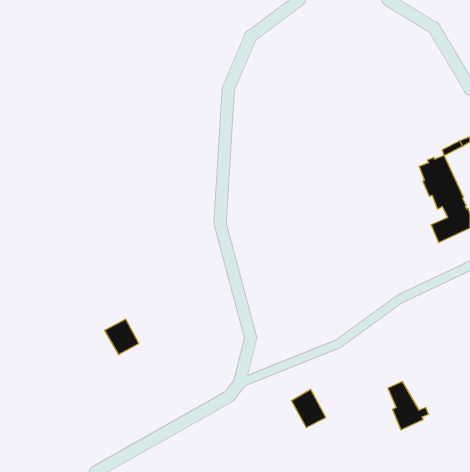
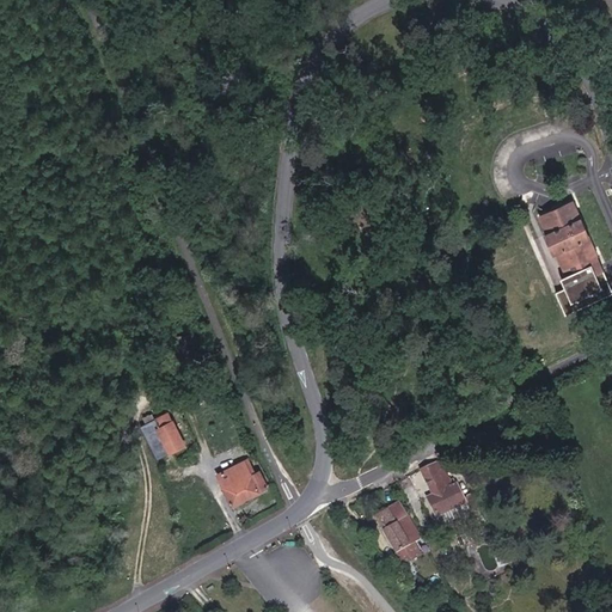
building: none -> [213,460,263,504]
building: [388,382,429,430] -> [423,463,476,525]

